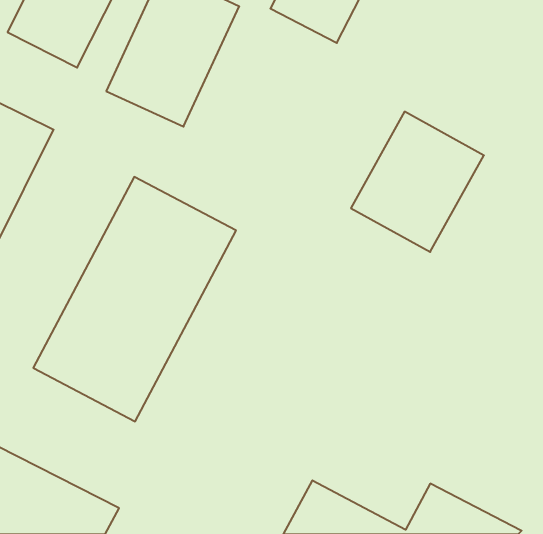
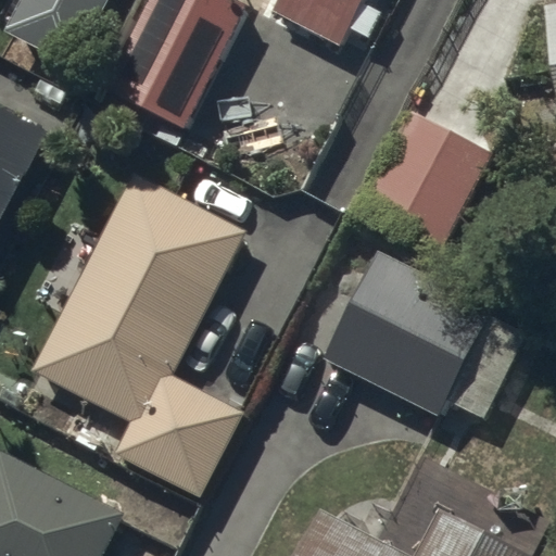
building: none -> [321,253,521,415]
building: none -> [129,372,247,495]

